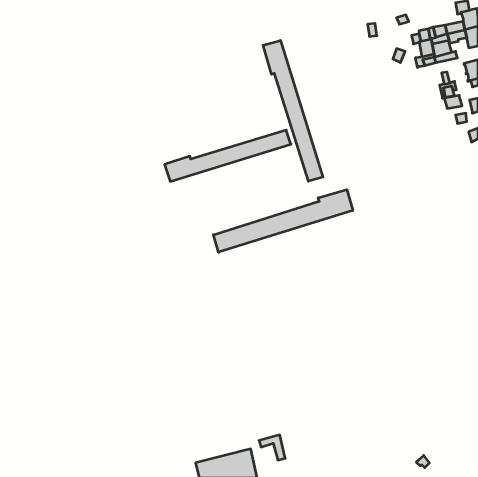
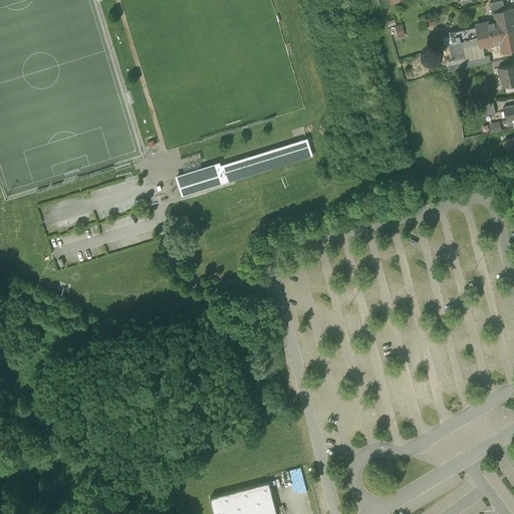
building: [263,40,323,181] -> none
building: [213,190,353,252] -> none

